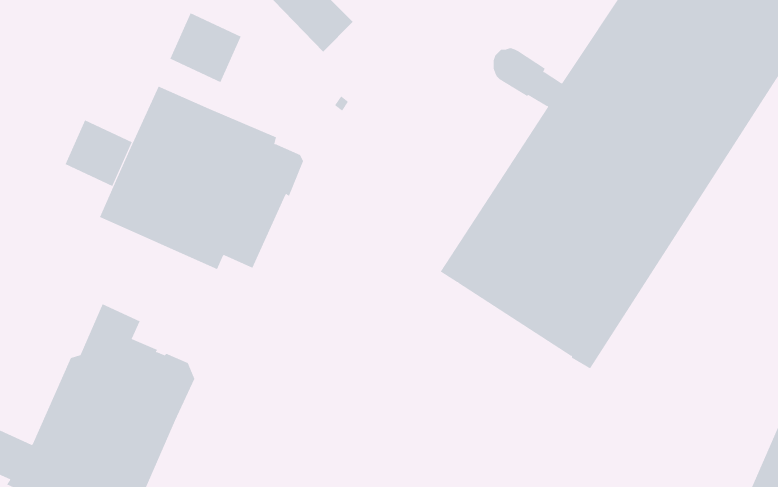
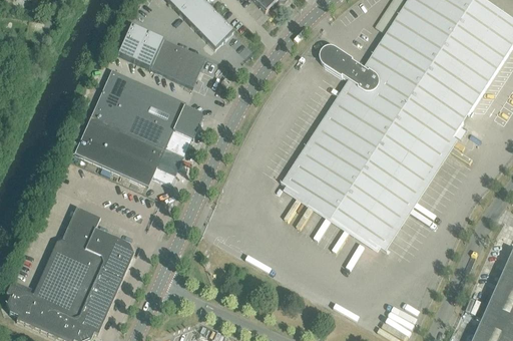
building: none -> [150,39,205,87]
building: [65,120,133,187] -> none

